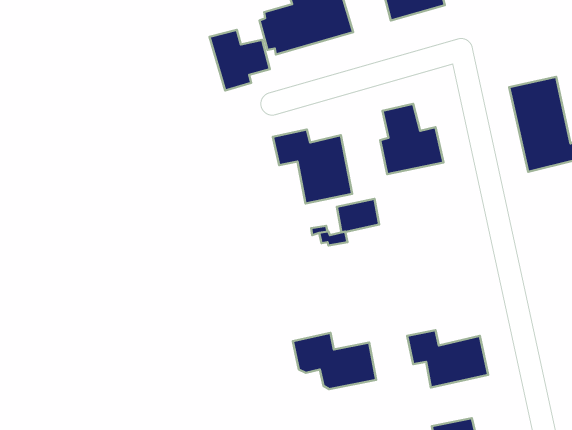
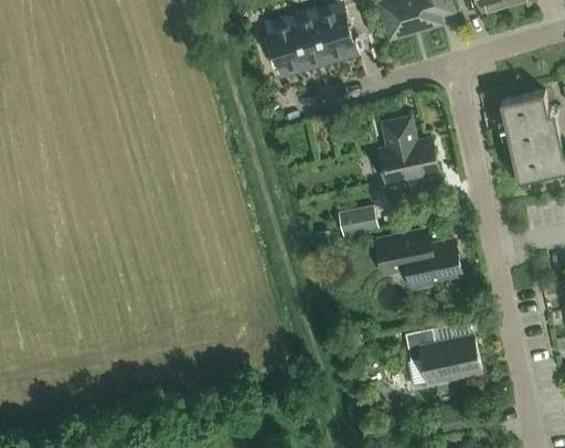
building: [210,30,270,90] -> none
building: [273,130,352,204] -> none
building: [293,333,376,389] -> [383,233,461,286]

